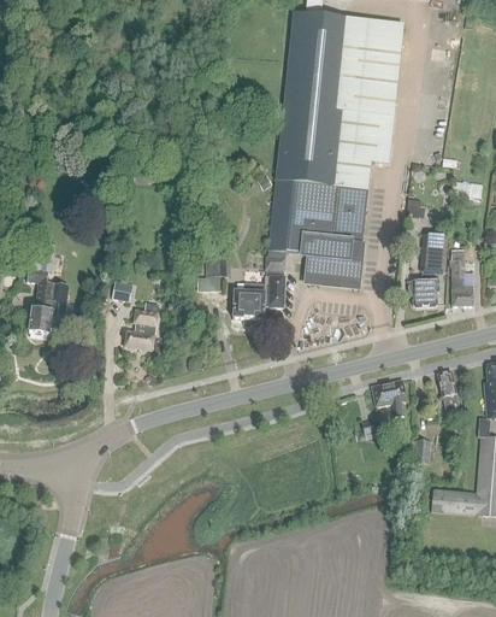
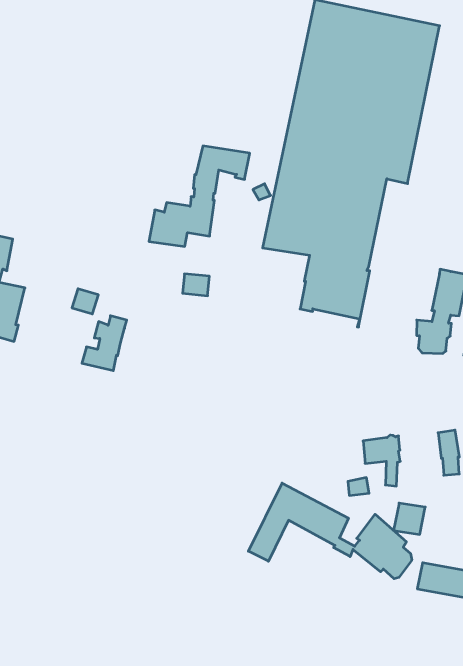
building: [231,230,311,318] -> [149,146,250,246]
building: none -> [248,483,412,579]

